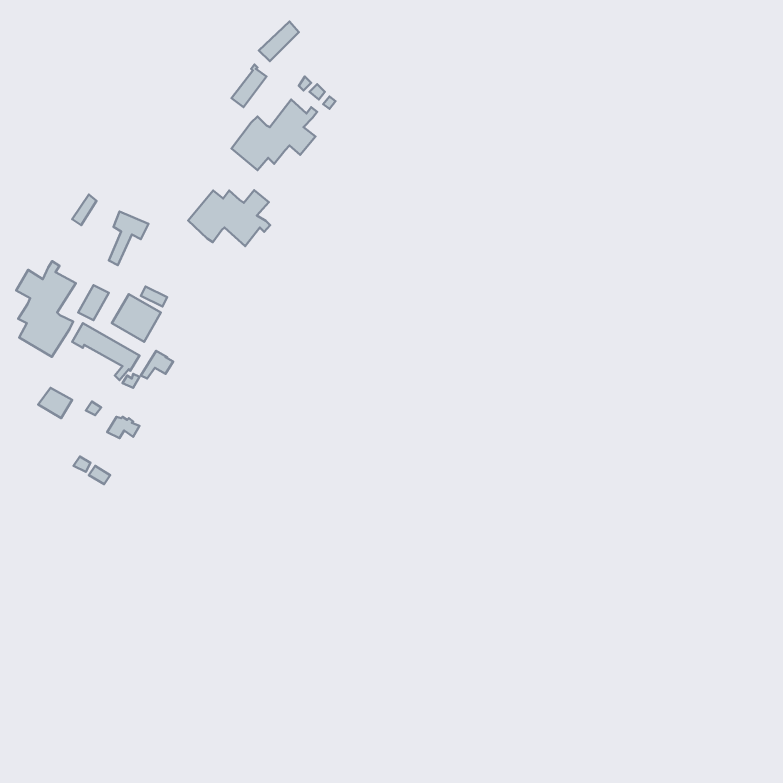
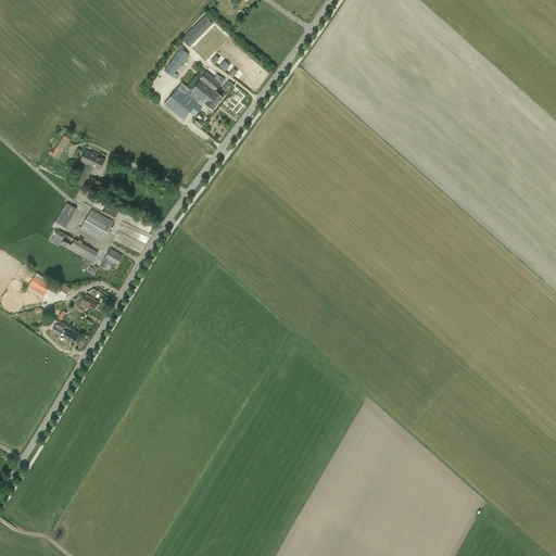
building: [188,190,270,246] -> none
building: [16,261,76,357] -> none

